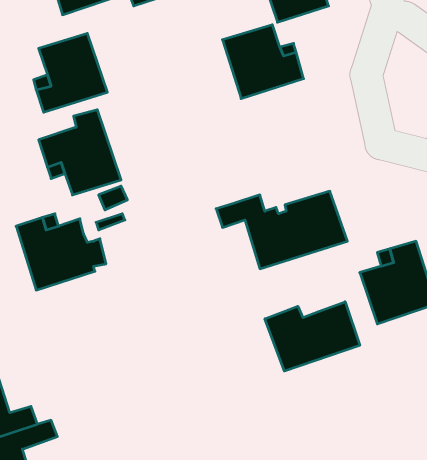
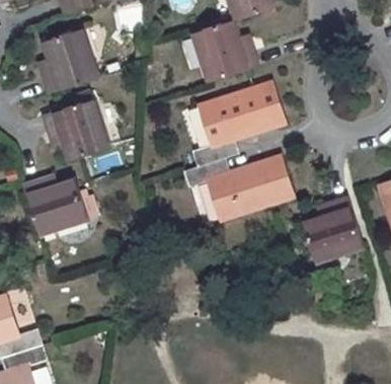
building: none -> [194,82,286,166]
building: [265,302,360,371] -> none

